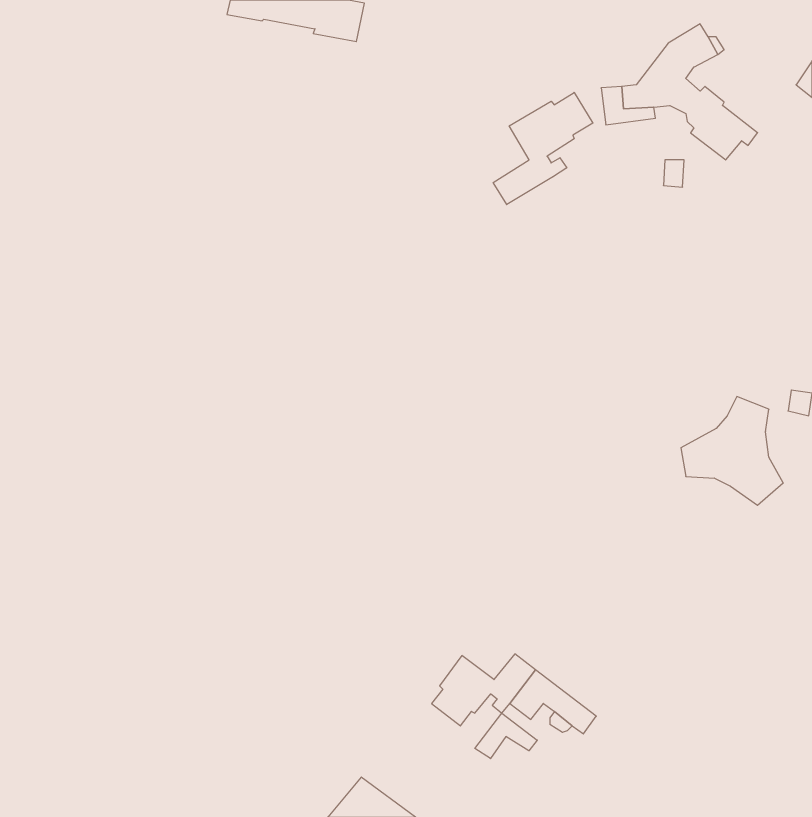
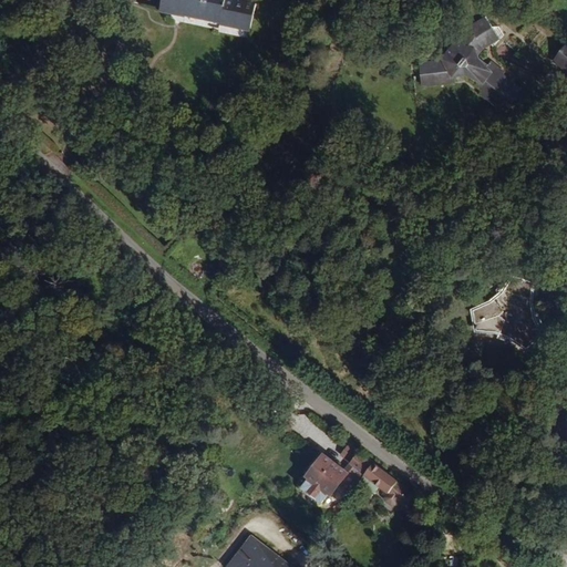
building: [493,92,593,205] -> none
building: [475,713,537,759] -> none

